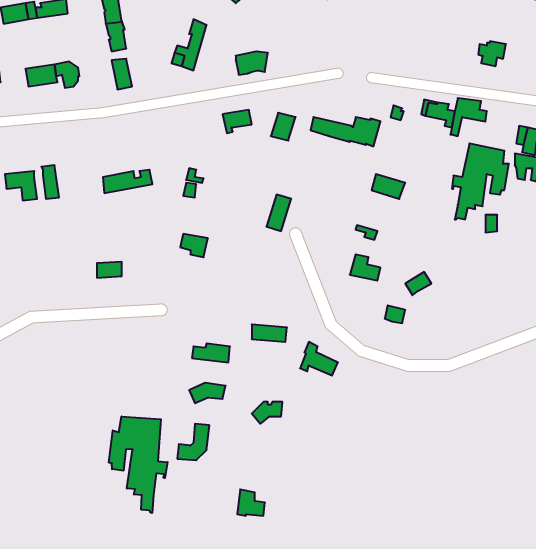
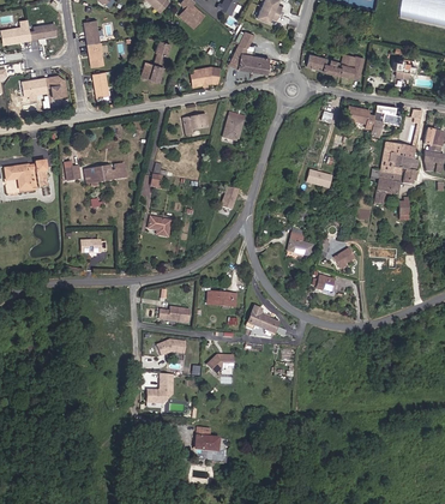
building: none -> [230,31,270,73]
building: [311,117,381,146] -> [307,54,365,78]
building: [109,416,168,513] -> none

